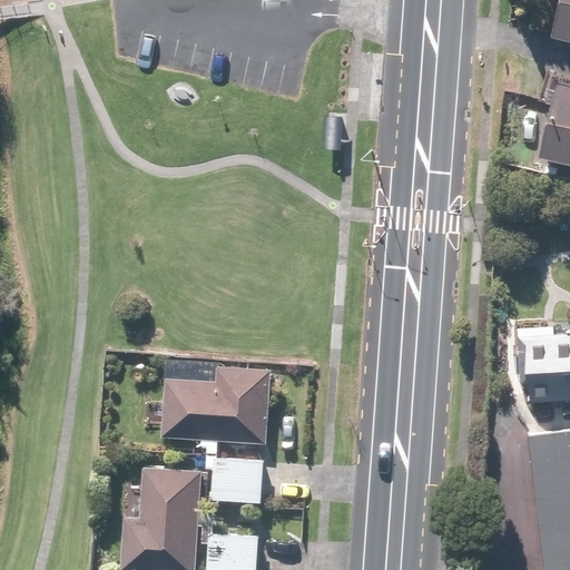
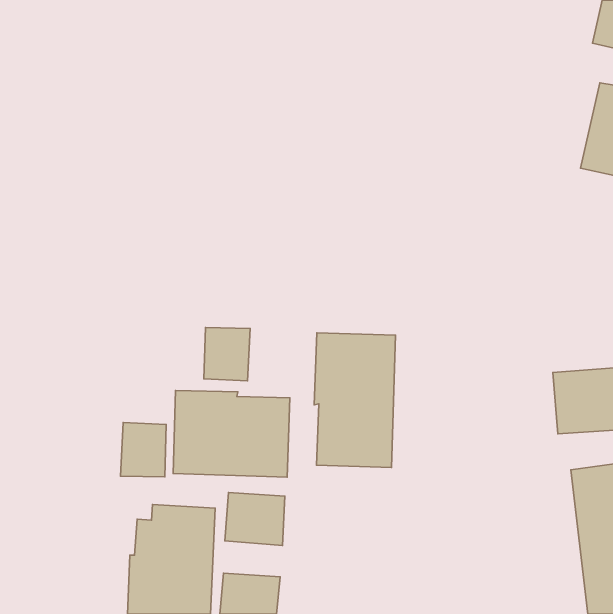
building: none -> [204,328,250,381]
building: none -> [314,333,396,467]
building: none -> [121,422,166,477]

